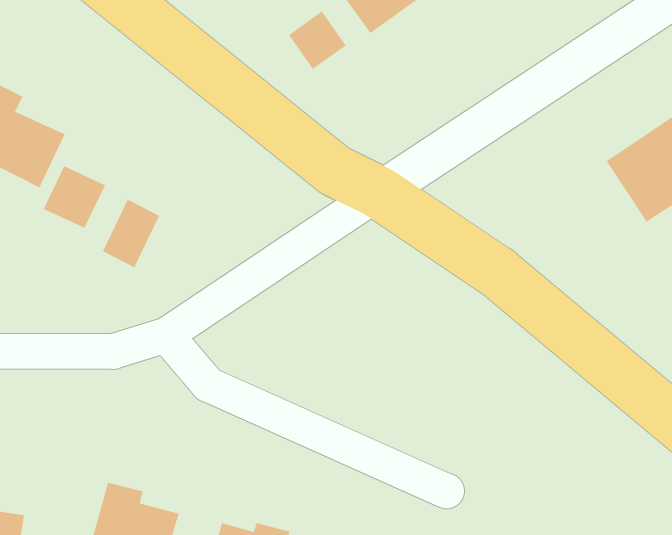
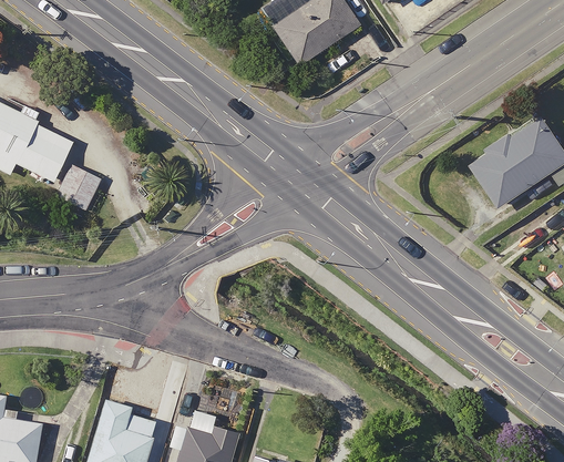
building: [288,11,346,70] -> none
building: [102,199,160,268] -> none

